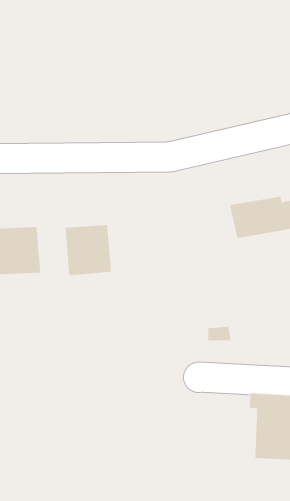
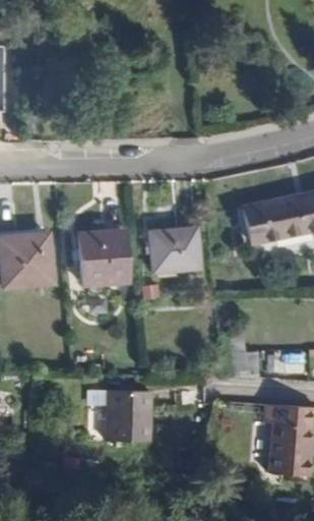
building: none -> [145,227,199,273]
building: none -> [106,391,148,442]

